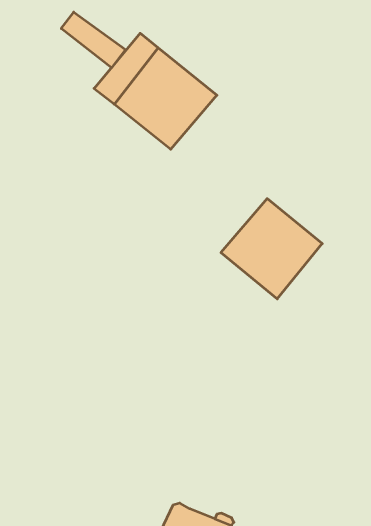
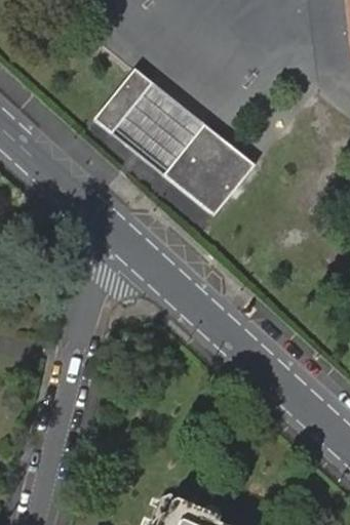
building: [61,12,126,68] -> none
building: [221,199,322,299] -> [162,124,255,215]

